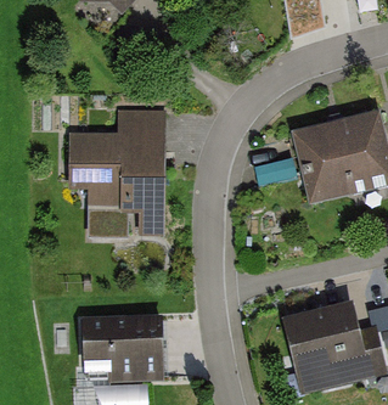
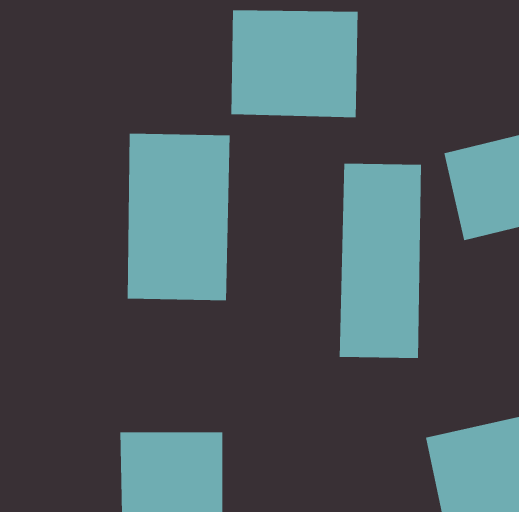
building: none -> [231,10,358,118]
building: none -> [339,163,421,359]

